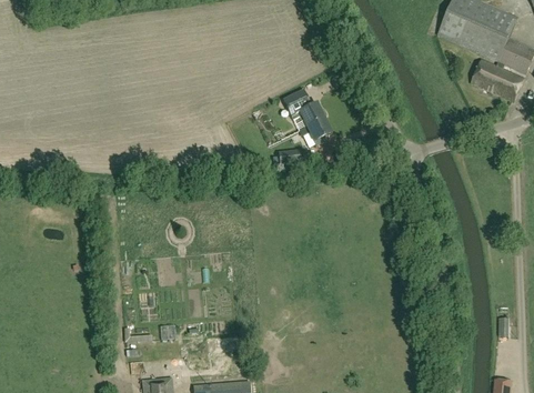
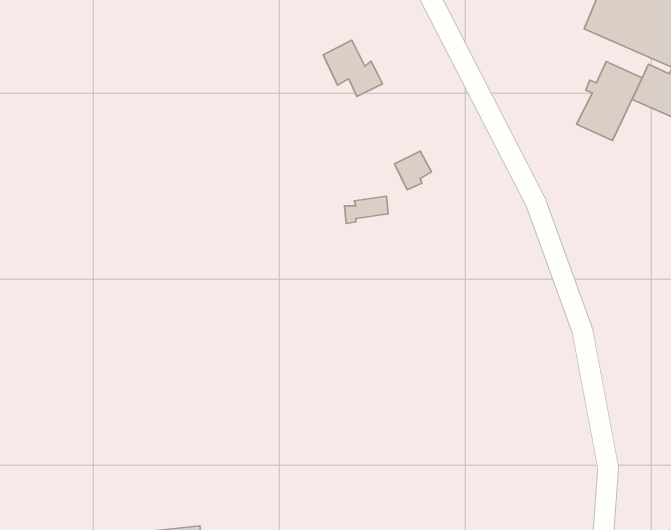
building: none -> [577,61,642,141]
building: [283,88,324,127] -> [323,40,382,97]

